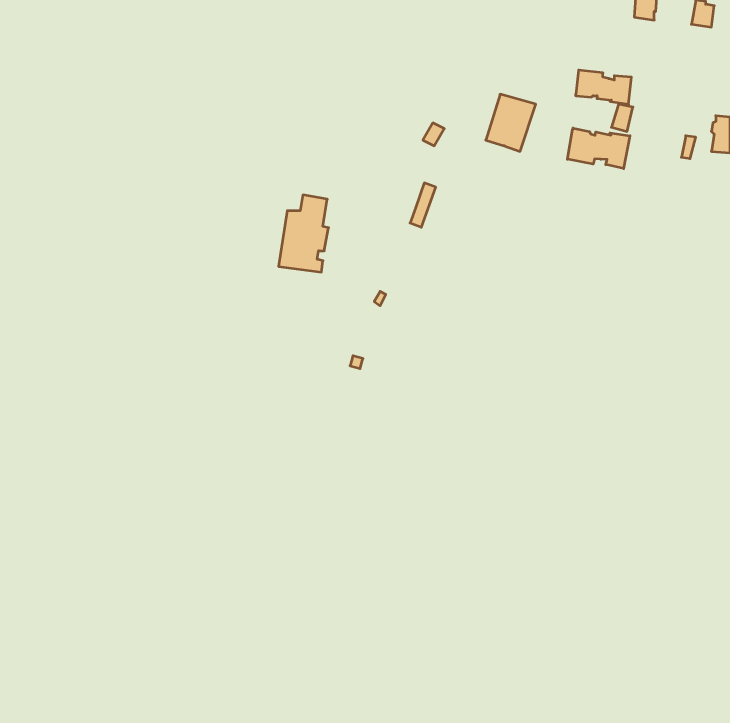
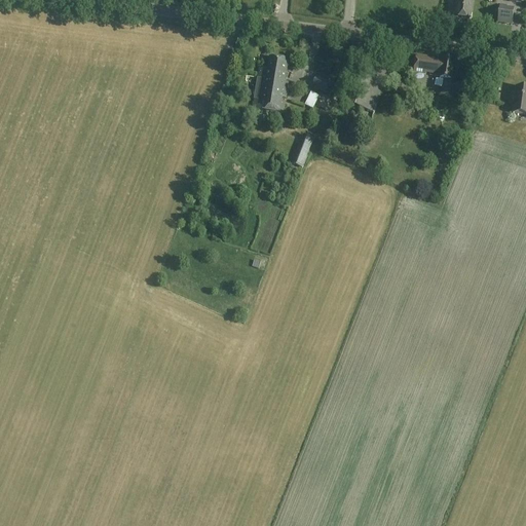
building: [567,128,630,169] -> none
building: [279,195,329,272] -> [253,54,289,110]

